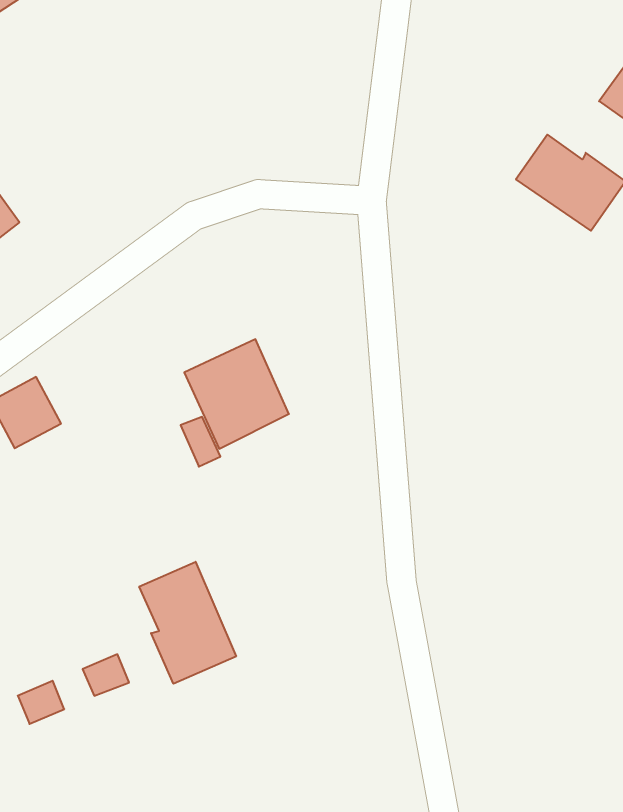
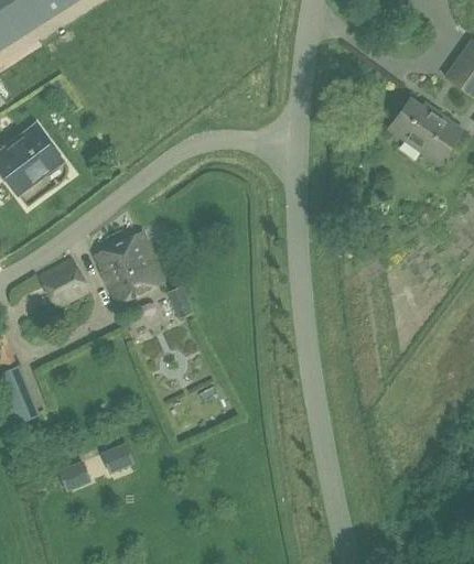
building: [184,339,289,449] -> [95,232,164,305]
building: [139,562,236,684] -> none

